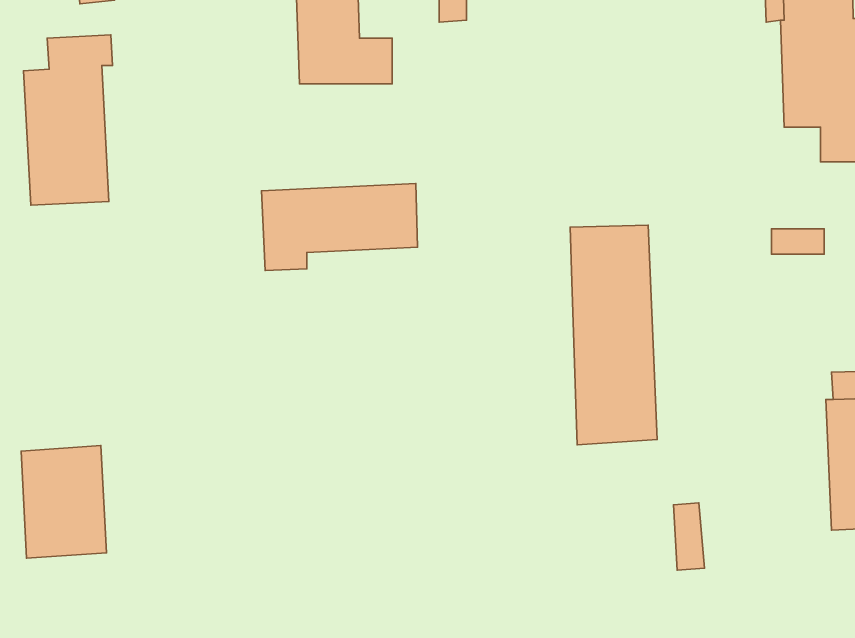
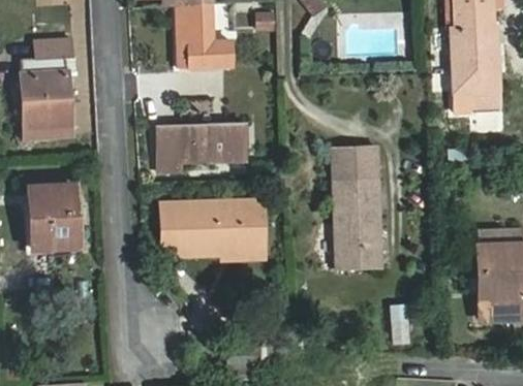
building: none -> [161,199,264,256]
building: [21,446,106,558] -> [29,185,78,249]

